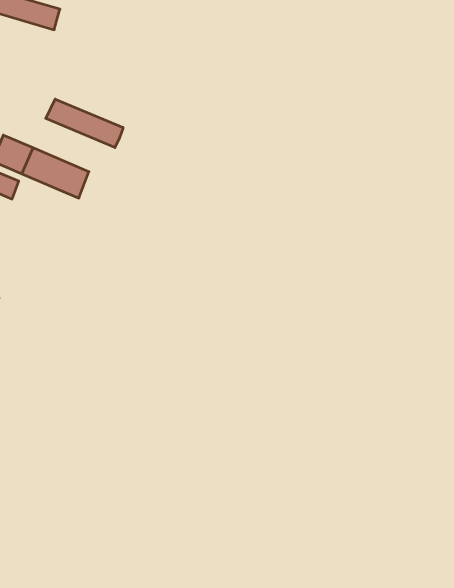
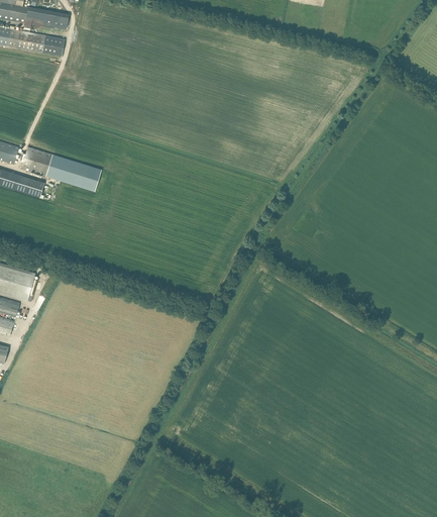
building: [46,99,123,148] -> none

